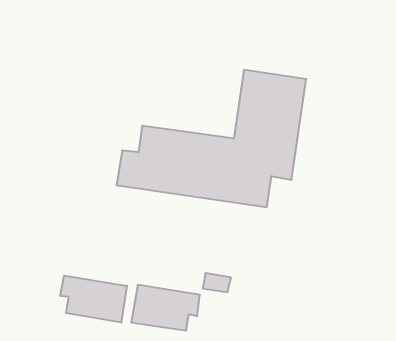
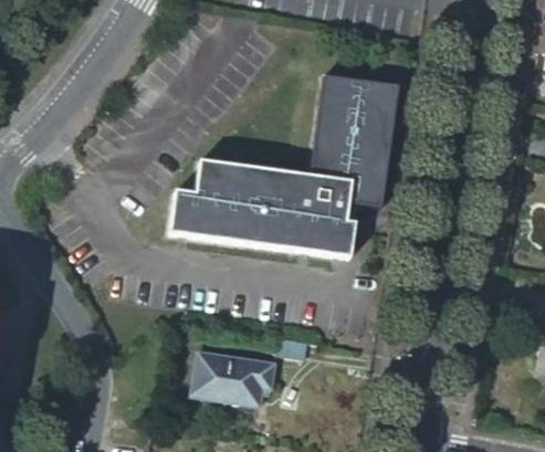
building: [60,276,127,323] -> none

